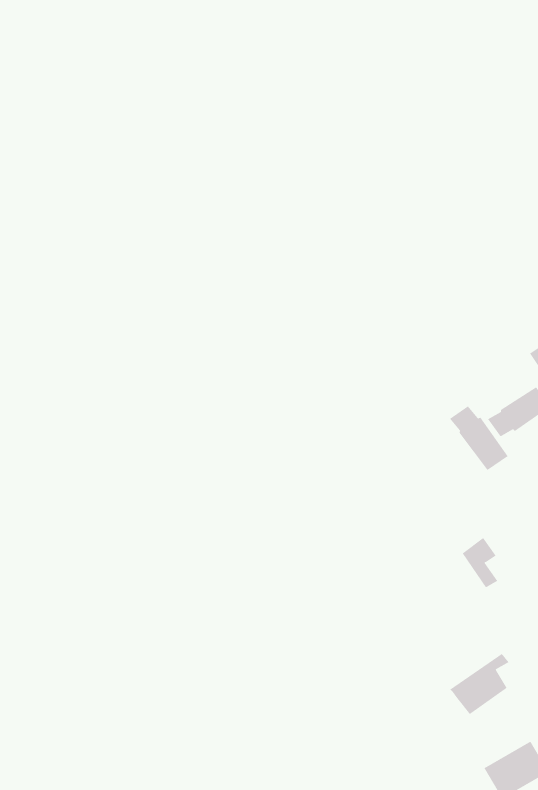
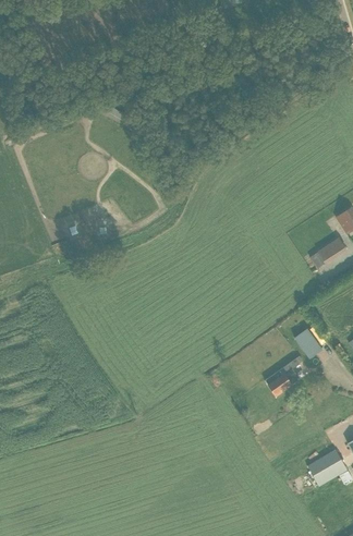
building: [449,405,509,471] -> none
building: [449,653,509,715] -> [264,358,300,395]

